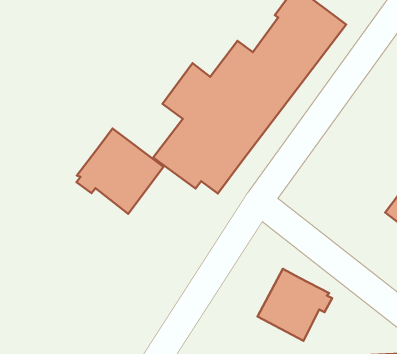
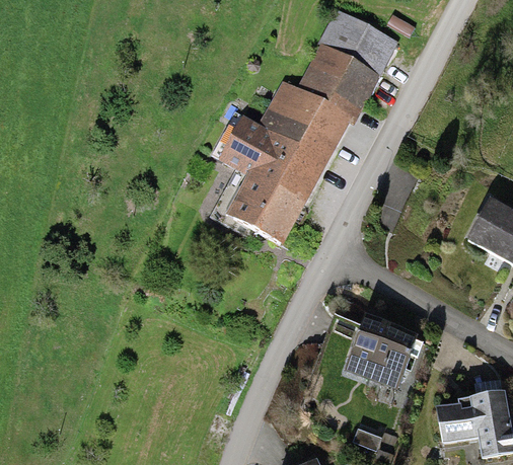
building: [76,129,164,214] -> none

